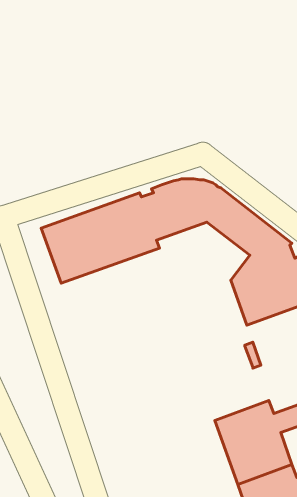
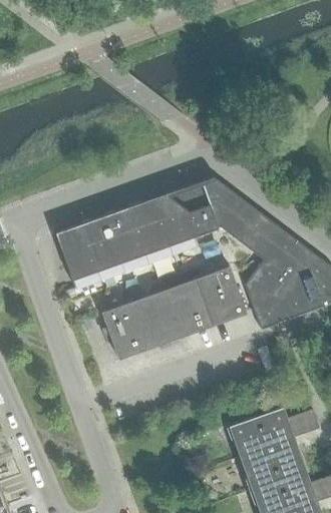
building: none -> [101,266,246,359]

